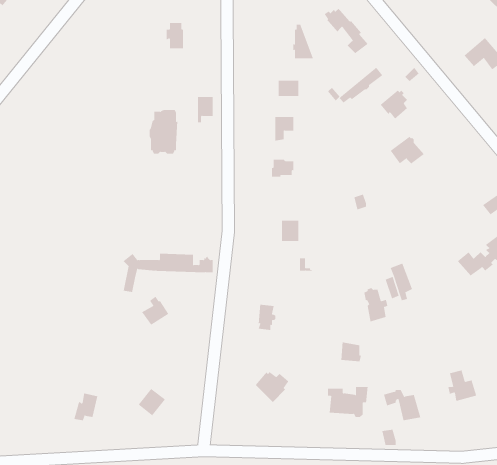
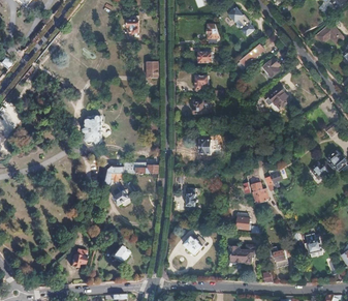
building: [149,110,178,154] -> [82,115,100,143]

